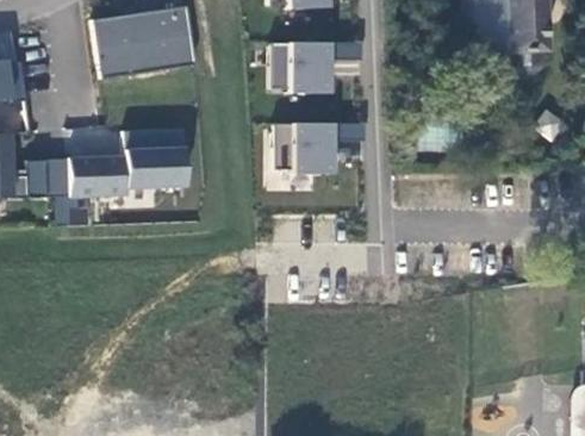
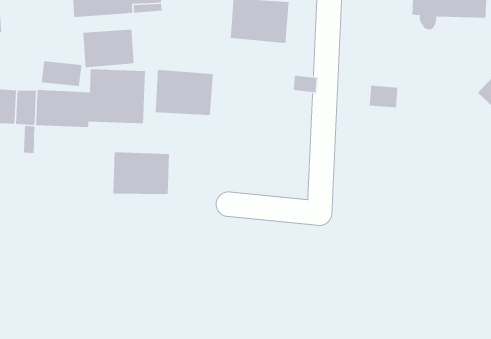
building: none -> [82,29,135,68]
building: [274,124,335,170] -> [155,69,214,116]
building: none -> [112,152,170,195]

